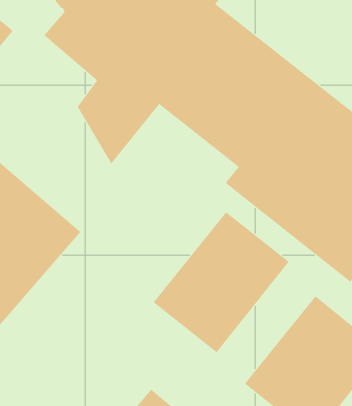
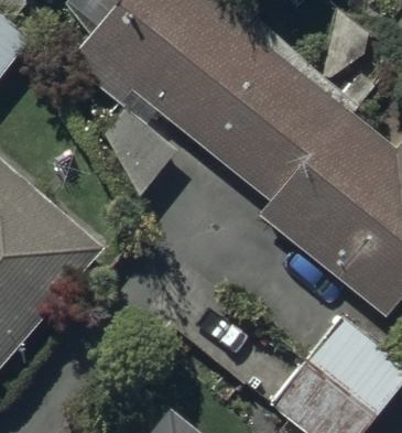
building: [153,212,290,353] -> none

